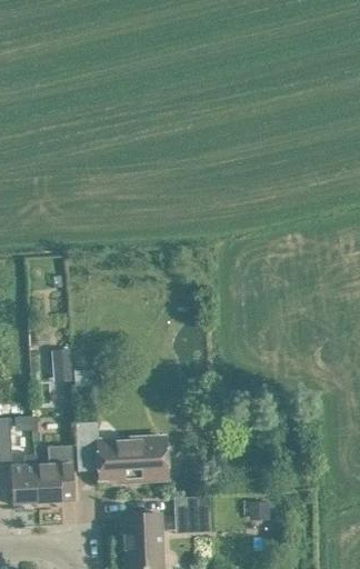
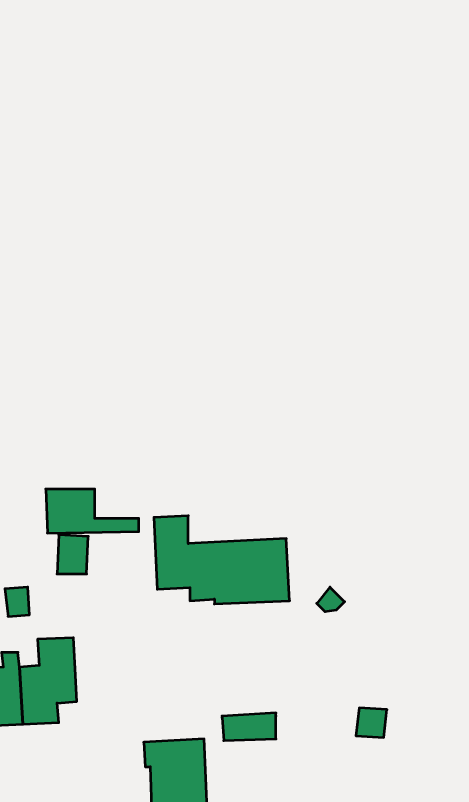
building: [74,421,167,481] -> [154,516,290,604]

